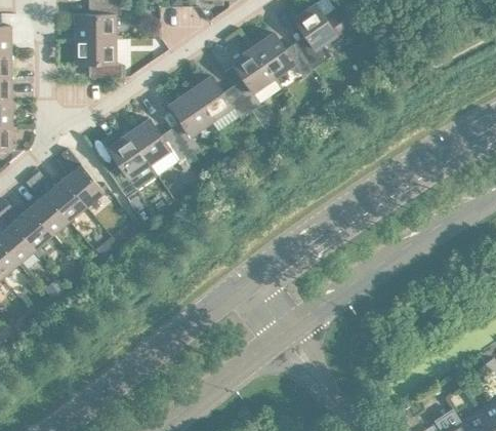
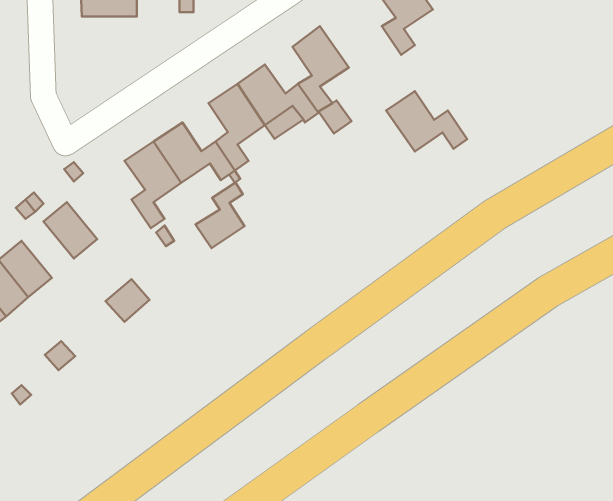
building: [252,32,313,77] -> [386,91,467,152]
building: [75,39,121,77] -> none
building: none -> [196,182,244,248]
building: [64,163,104,205] -> none
building: [30,192,69,234] -> none

